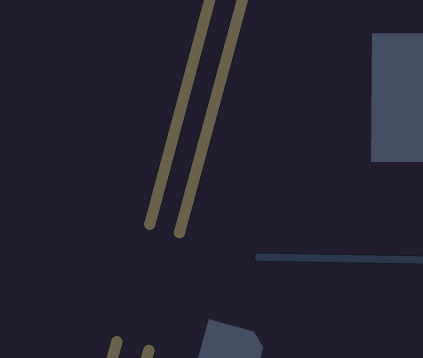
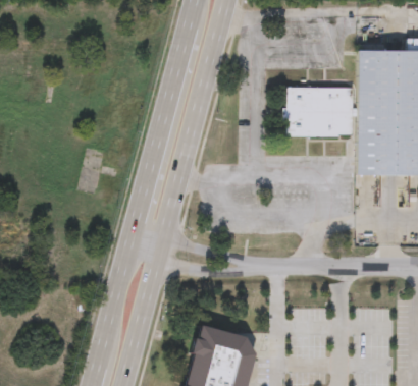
building: none -> [284,88,354,137]

